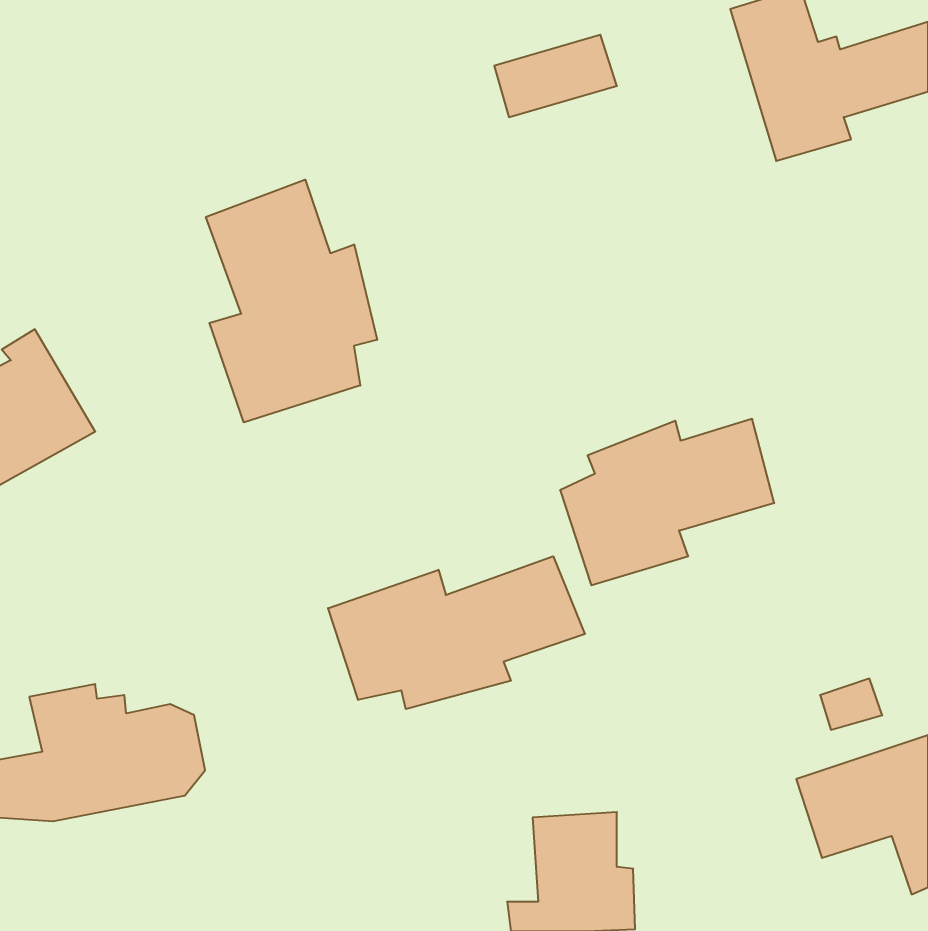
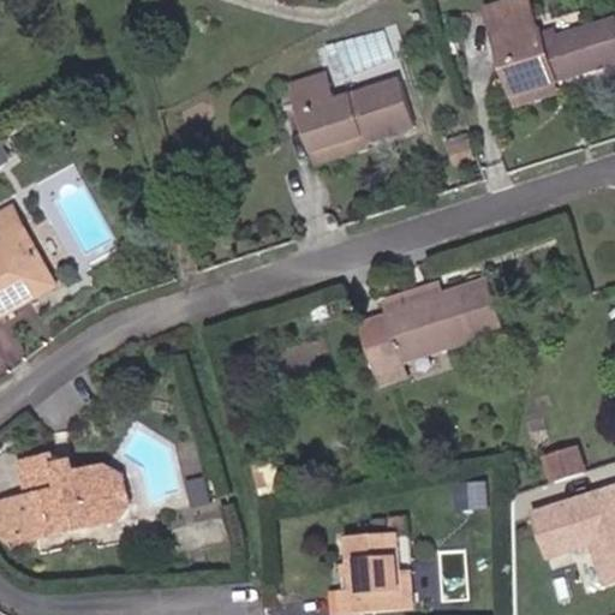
building: none -> [277,72,405,163]
building: [206,180,377,422] -> none
building: [328,556,585,709] -> none

